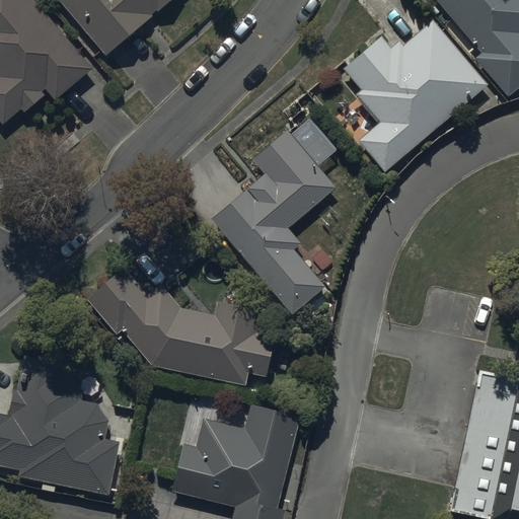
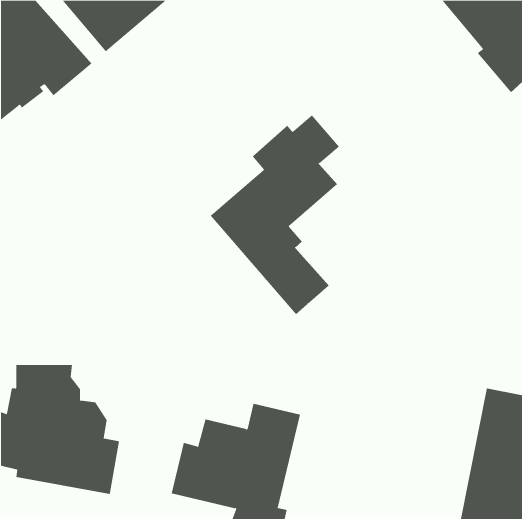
building: [342,20,488,172] -> none
building: [84,265,273,385] -> none

